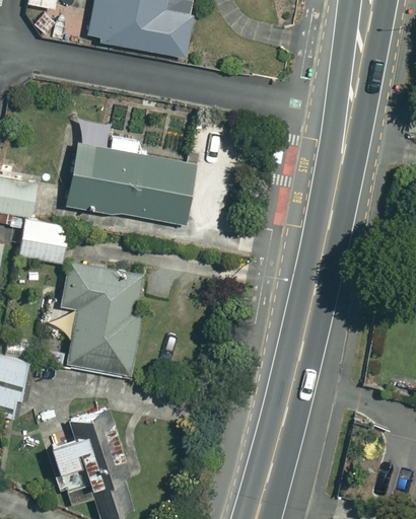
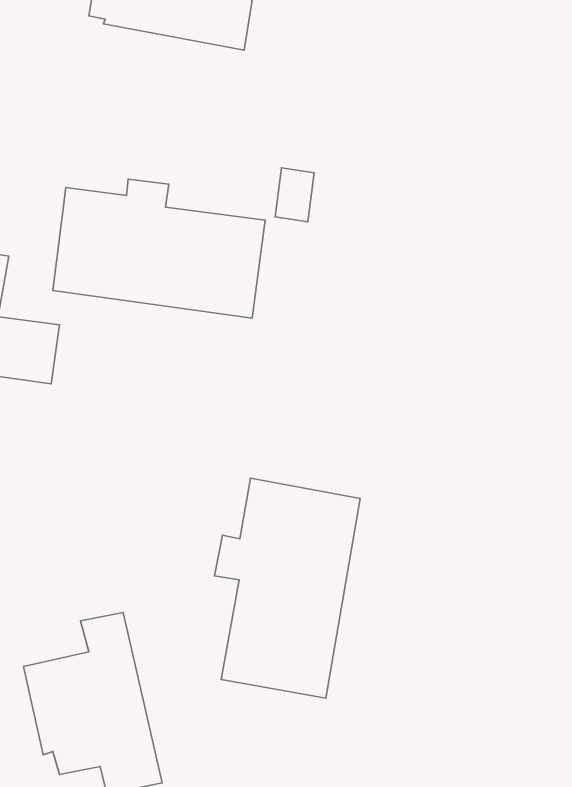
building: [59,262,141,372] -> none
building: none -> [215,478,360,698]

